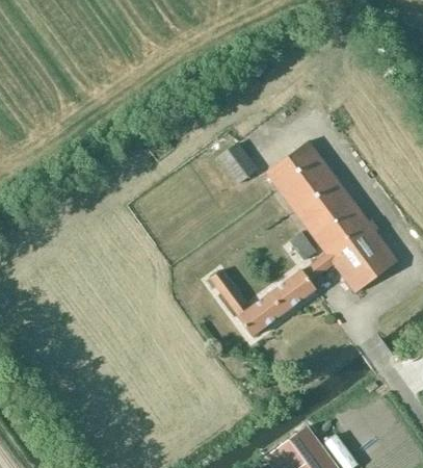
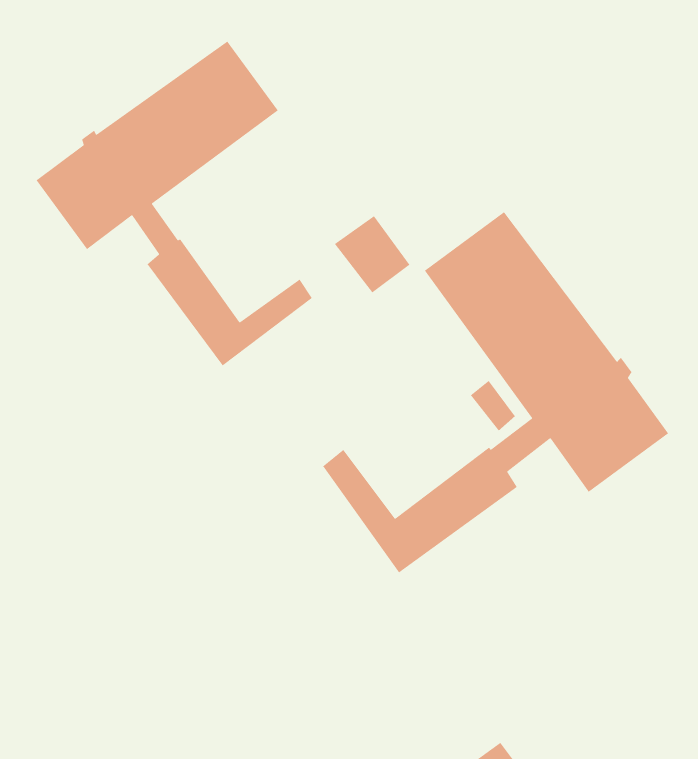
building: none -> [36,40,313,366]

